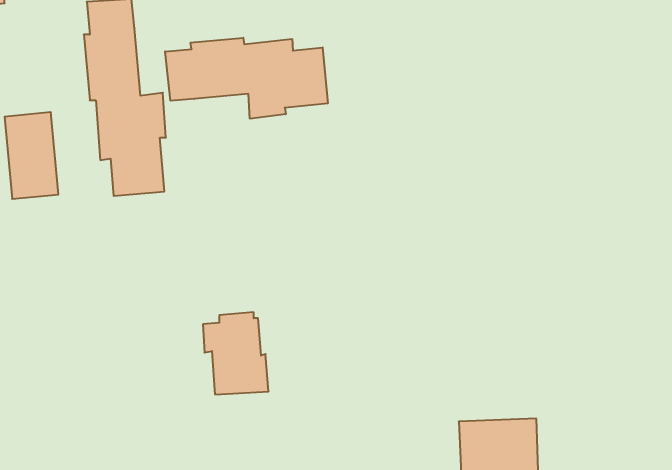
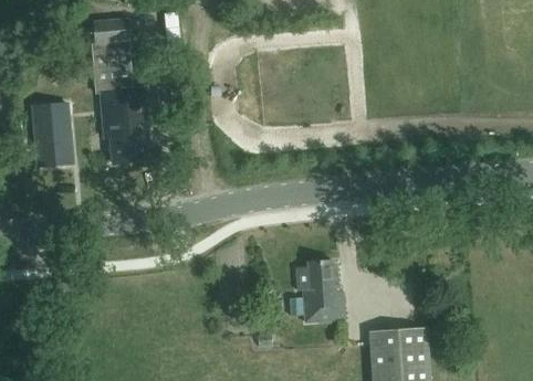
building: [165,38,328,119] -> none
building: [203,312,269,394] -> [296,260,345,320]

